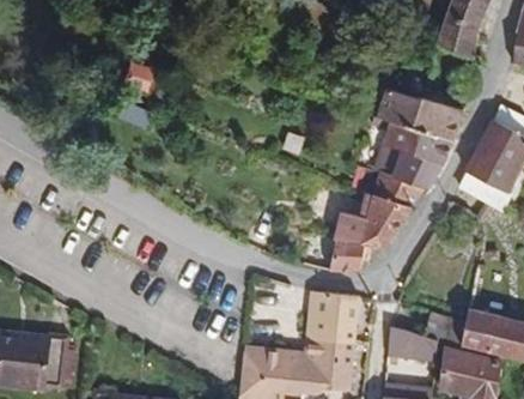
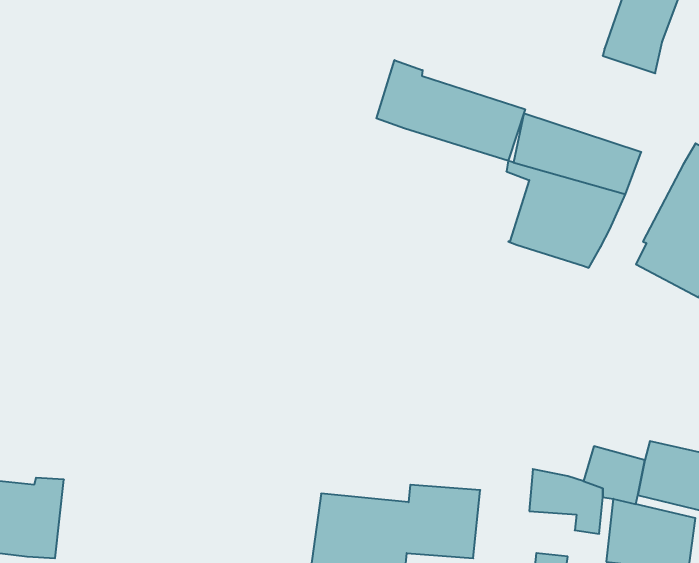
building: none -> [376,60,525,161]
building: [310,174,425,272] -> none
building: [306,291,358,341] -> none

